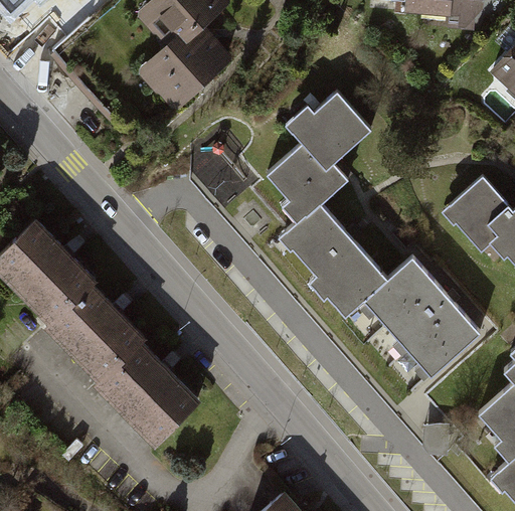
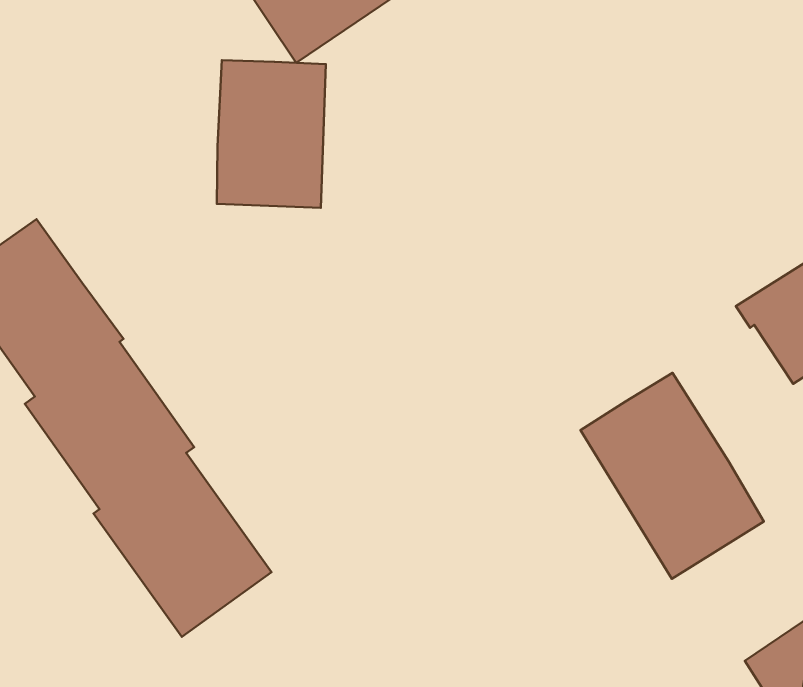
building: [267,92,388,315] -> none
building: none -> [217,60,326,208]

